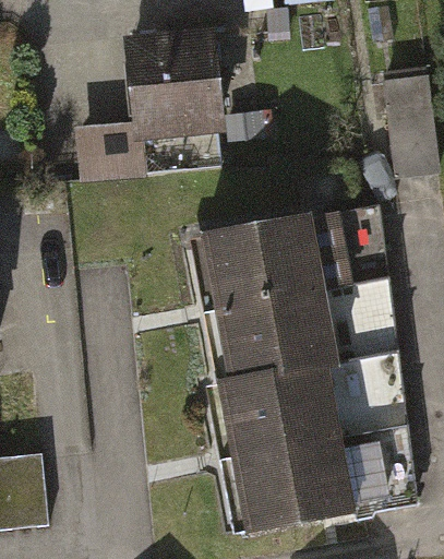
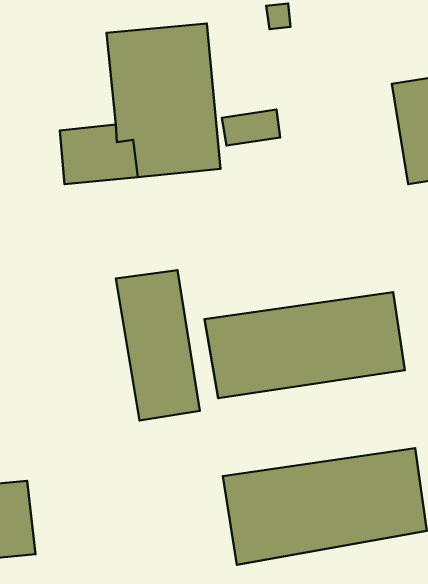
building: [191,203,383,304] -> none
building: none -> [116,270,200,420]
building: [208,352,404,451] -> none

